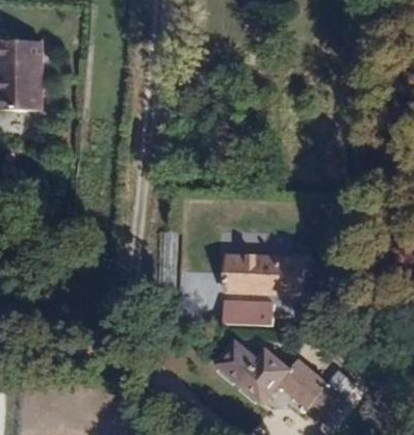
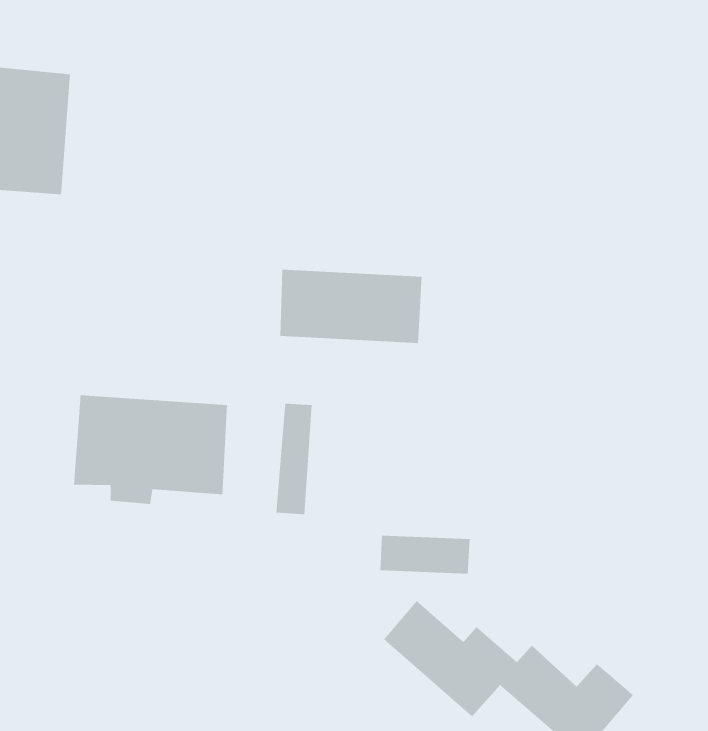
building: none -> [74,394,227,505]
building: [224,252,304,294] -> [280,269,423,344]

